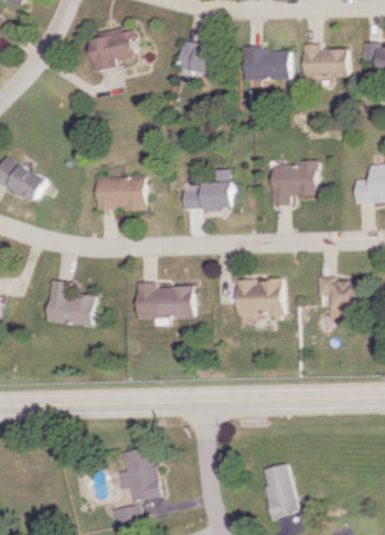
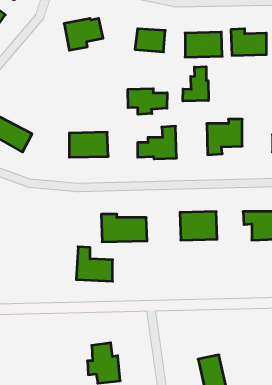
building: none -> [183,67,208,101]
building: none -> [128,89,167,114]
building: [46,280,92,325] -> [76,247,113,281]

